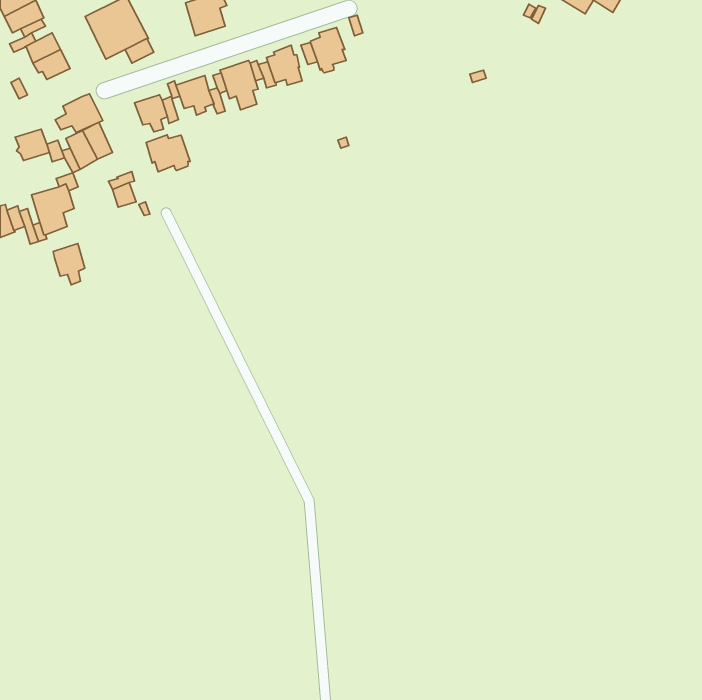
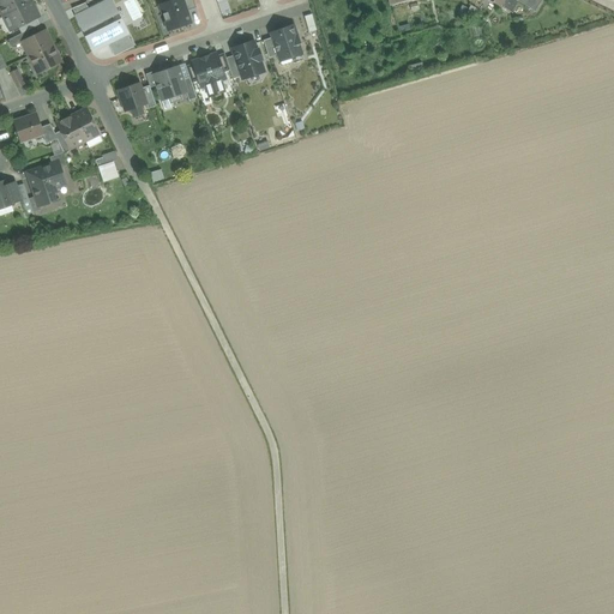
building: [55,94,103,133] -> none
building: [146,135,190,172] -> none
building: [53,243,85,285] -> none

